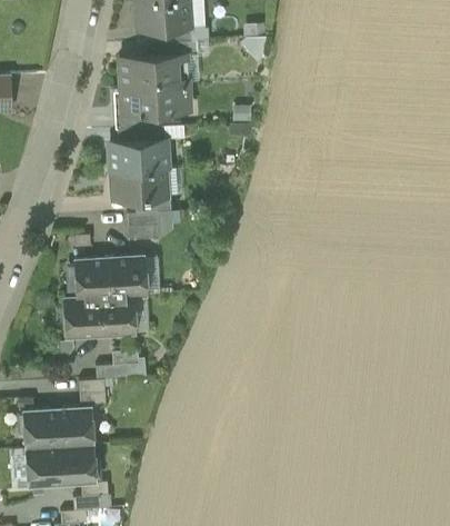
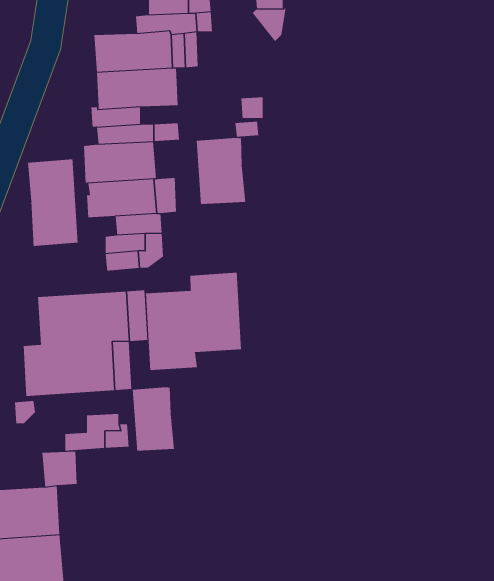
building: none -> [196,137,246,205]
building: none -> [28,158,78,247]
building: none -> [145,272,242,371]
building: none -> [132,386,175,451]

